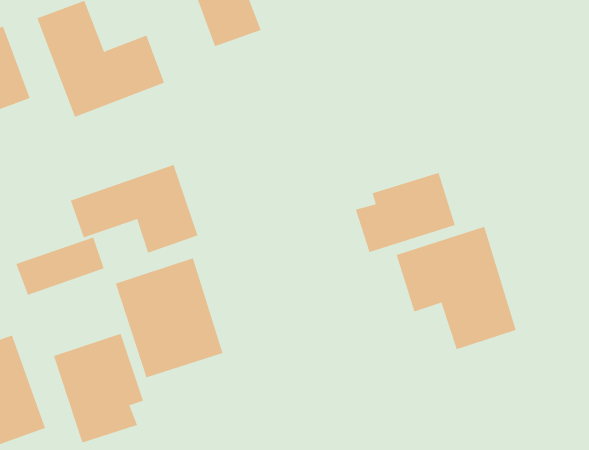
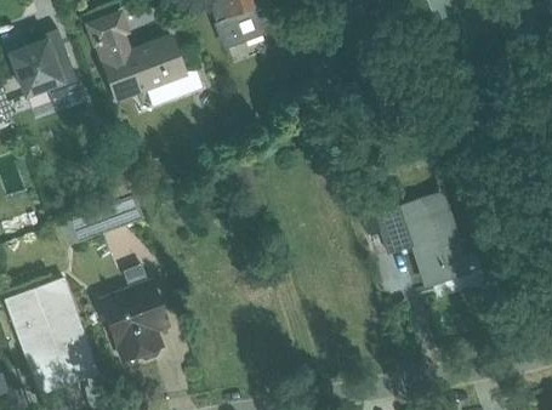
building: [70,164,198,253] -> none
building: [355,172,456,253] -> none
building: [115,258,223,378] -> none

